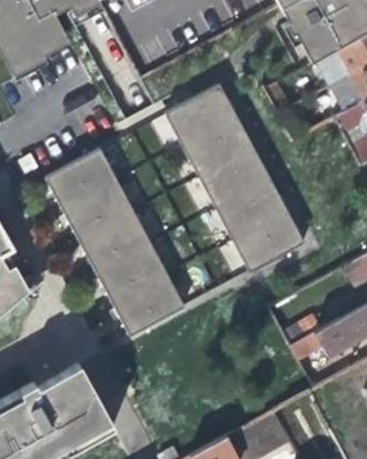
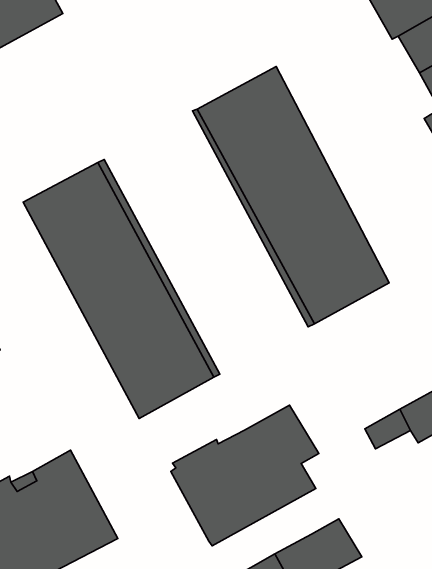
building: none -> [171,405,319,546]

